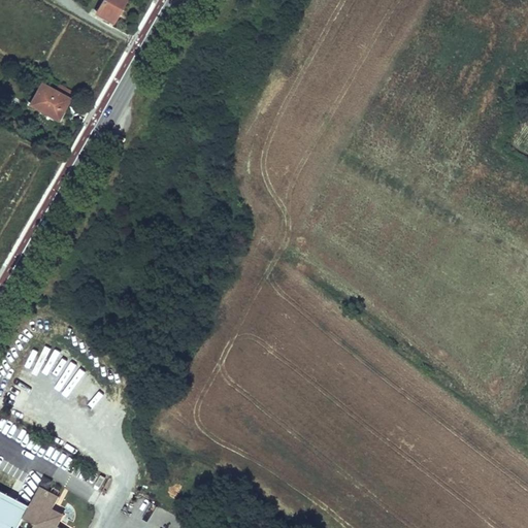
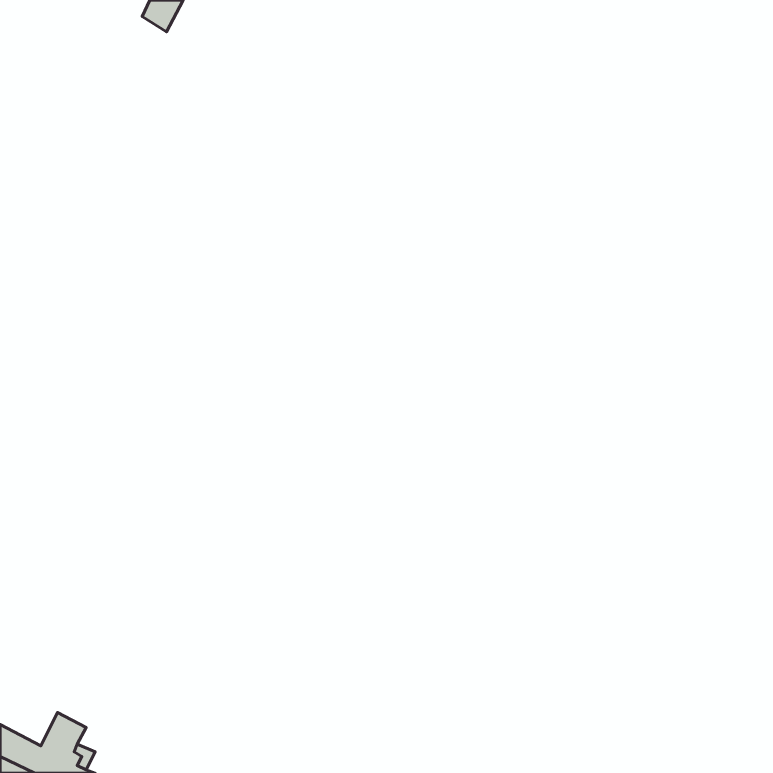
building: [29,81,69,121] -> none

